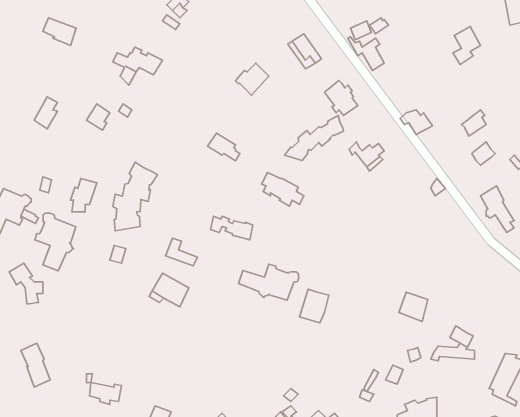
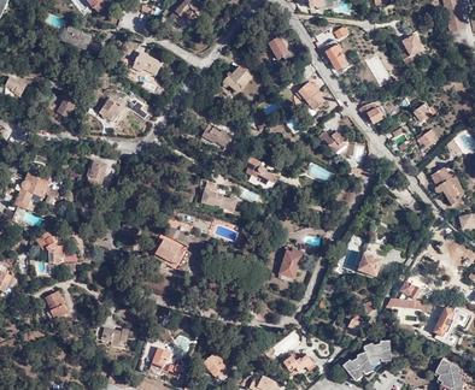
building: [285,116,344,160] -> none
building: [113,162,157,231] -> none
building: [35,213,76,271] -> none
building: [238,264,299,300] -> none

